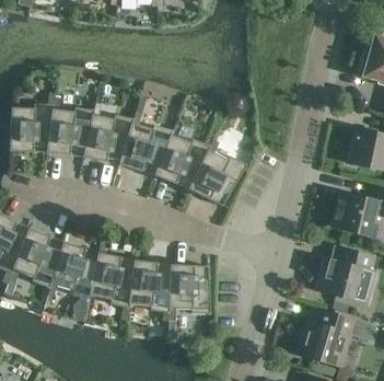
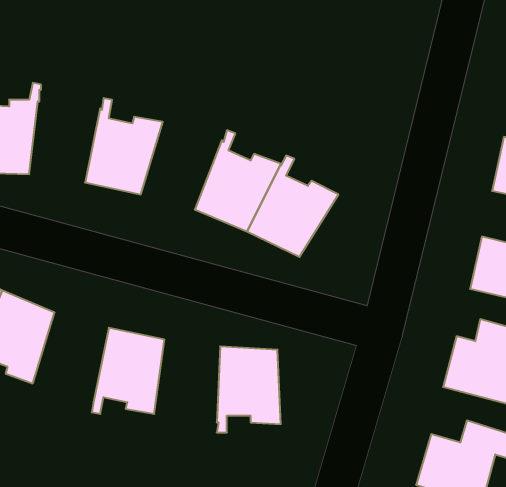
building: [47,96,93,157] -> none
building: [119,111,172,174] -> none
building: [47,241,98,299] -> none
building: [128,258,171,314] -> none

